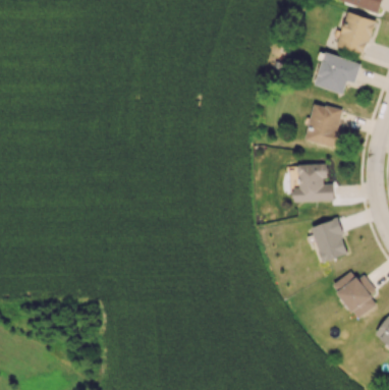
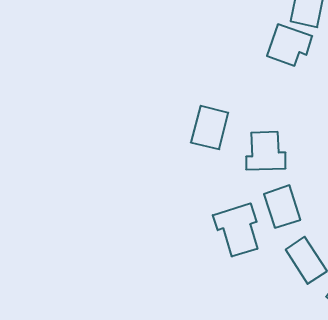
building: [303,103,342,148] -> [191,106,228,149]
building: none -> [213,203,257,257]

